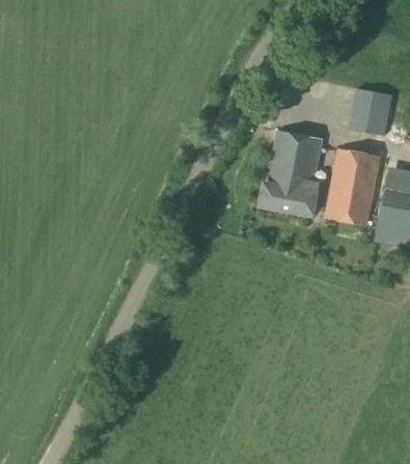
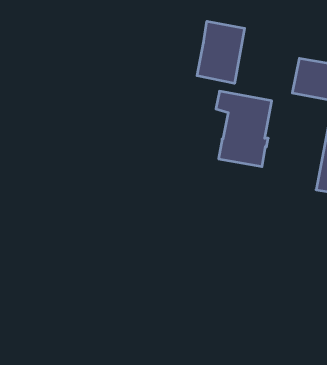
building: none -> [197,21,245,83]
building: [323,148,380,225] -> none

